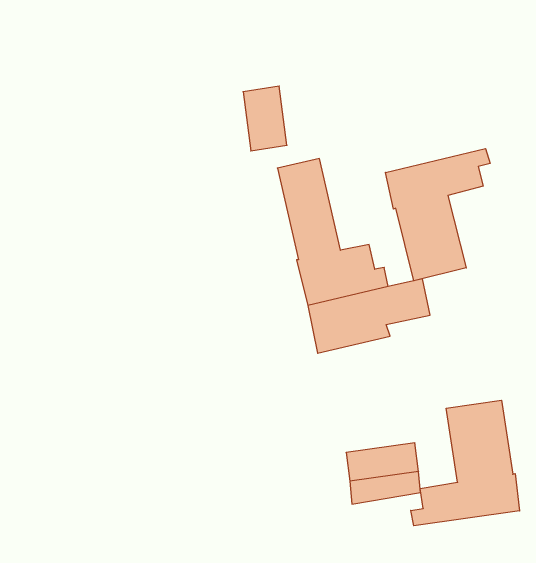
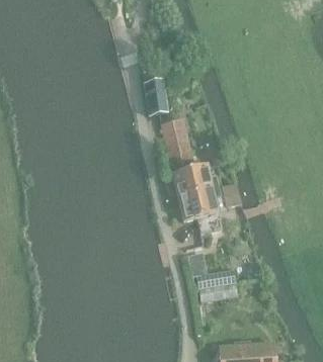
building: [385,149,490,281] -> none
building: [411,400,520,526] -> none

